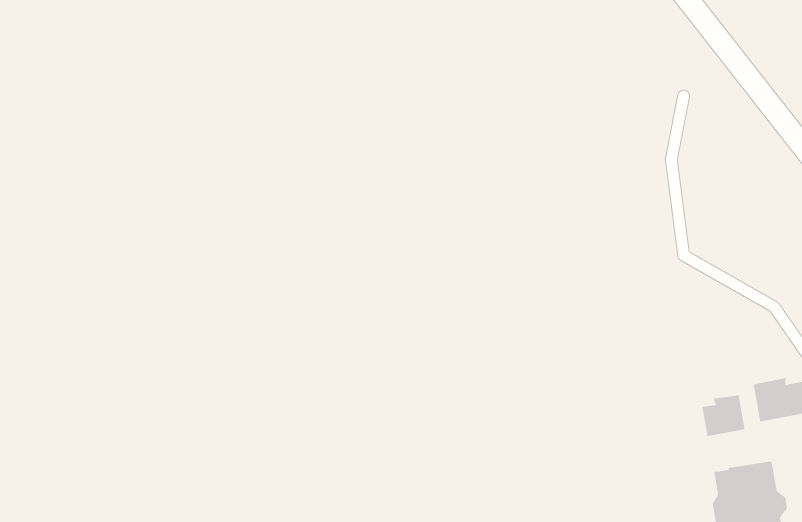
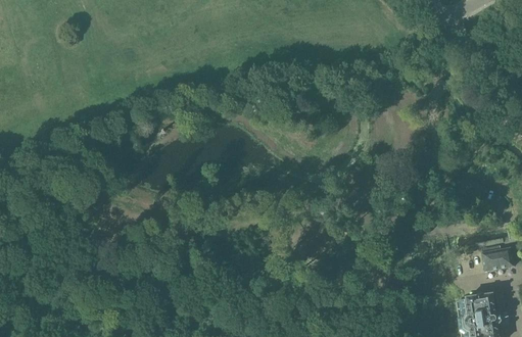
building: [702,395,745,437] -> none

